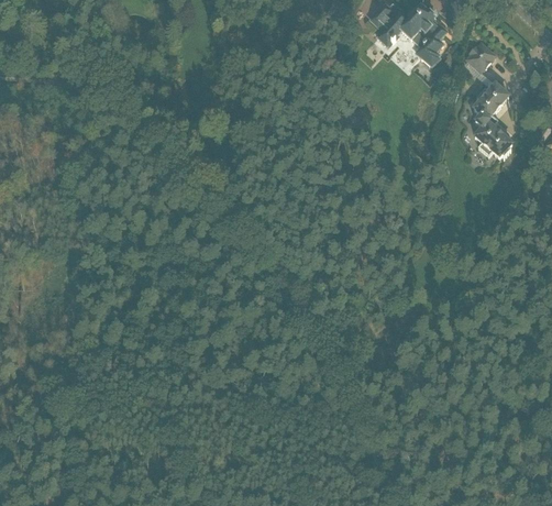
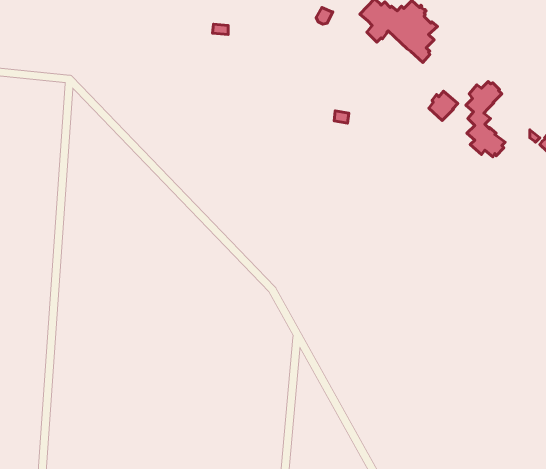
building: [466,42,495,70] -> [429,91,458,120]

